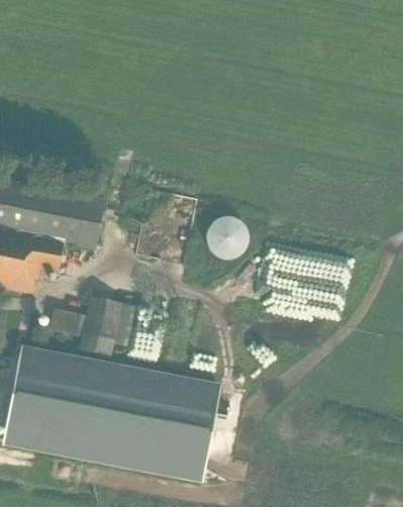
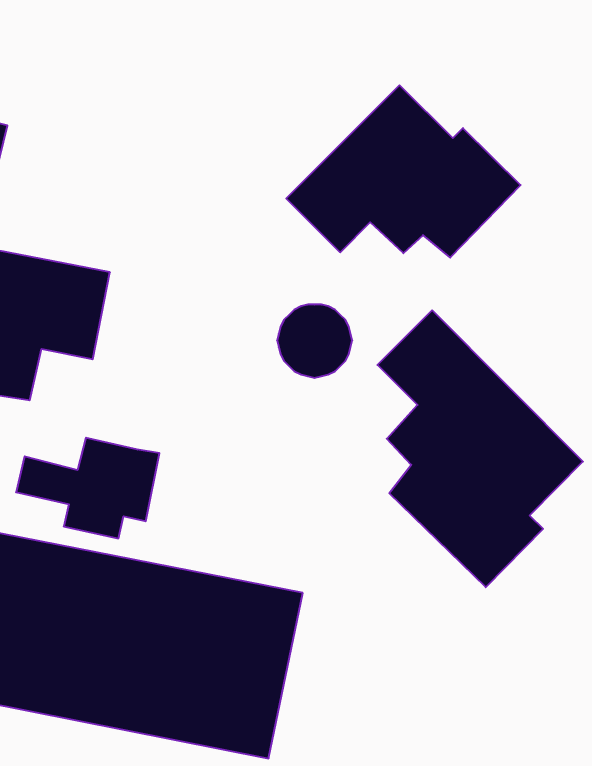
building: none -> [286,85,521,258]
building: none -> [377,310,583,587]

